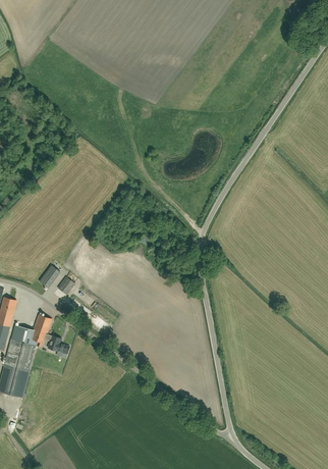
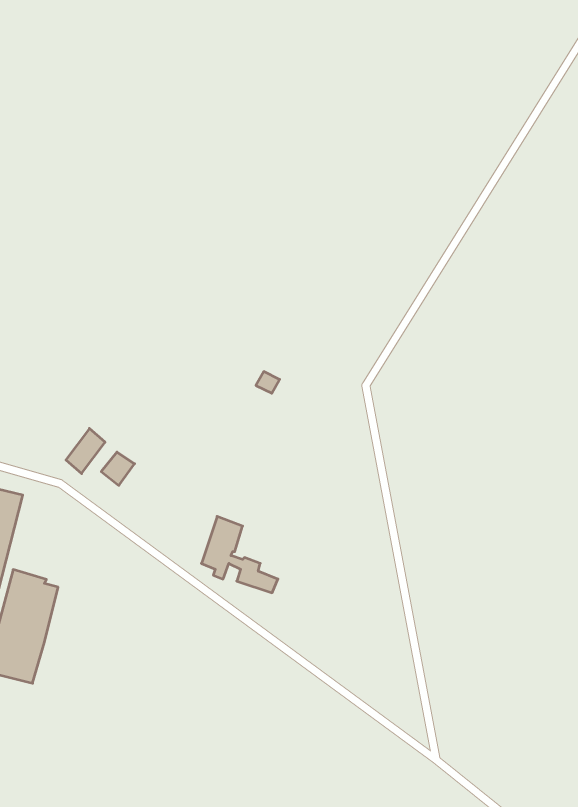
building: [31,313,70,353] -> [201,516,278,593]

